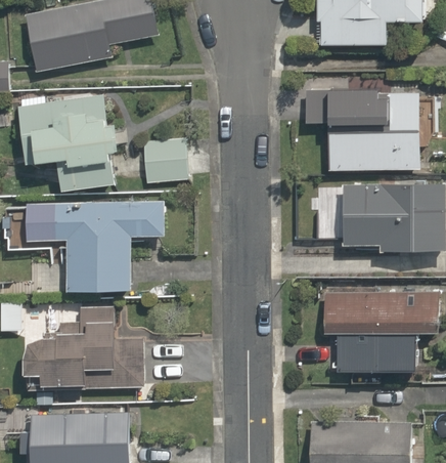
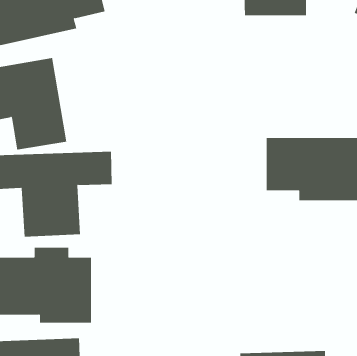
building: [309,77,421,171] -> none
building: [144,139,190,190] -> none
building: [320,291,438,374] -> none

